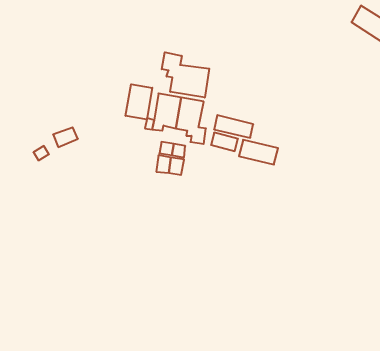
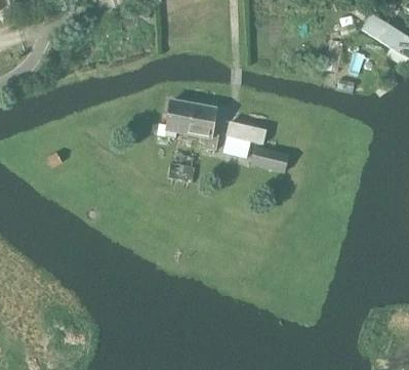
building: [162,52,209,98] -> none
building: [126,84,152,119] -> none

